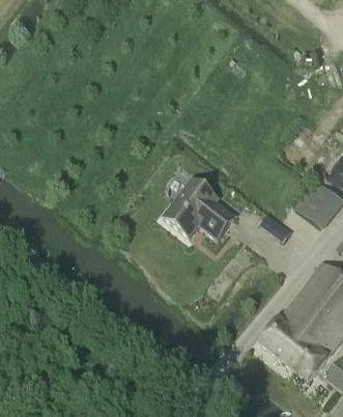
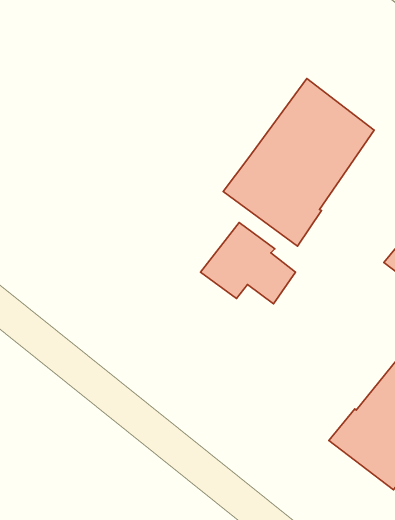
building: none -> [223,79,374,246]

